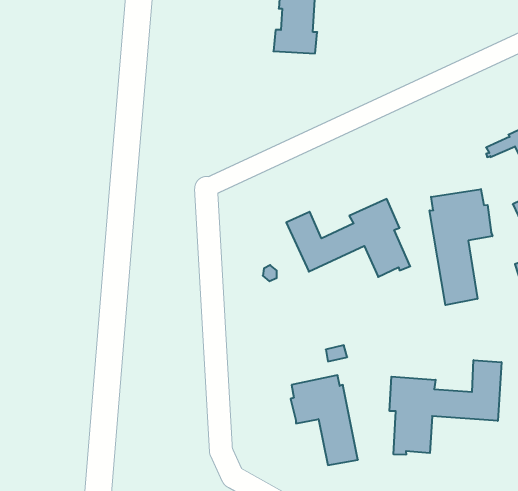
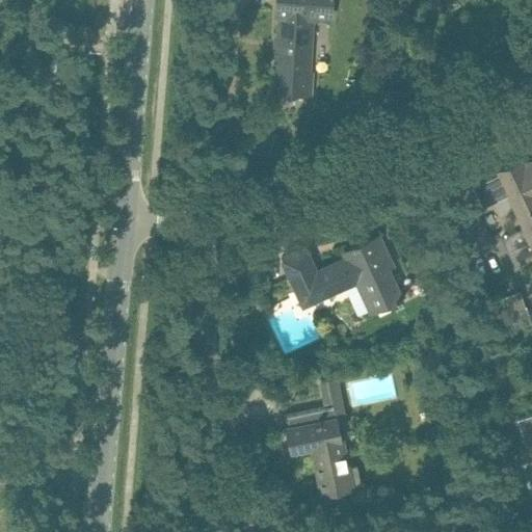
building: [430,189,492,305] -> none
building: [390,360,501,455] -> none

